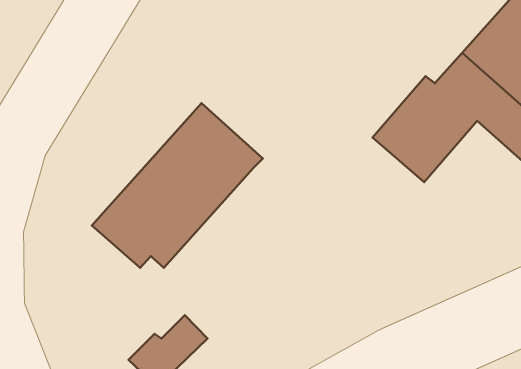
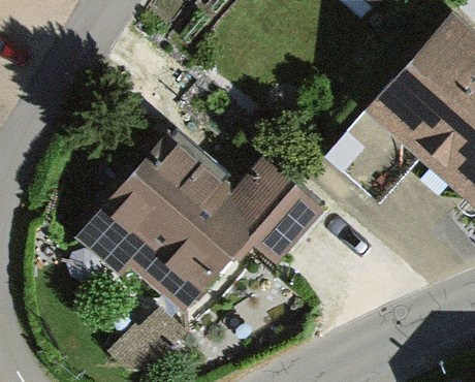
building: none -> [145,161,320,305]

